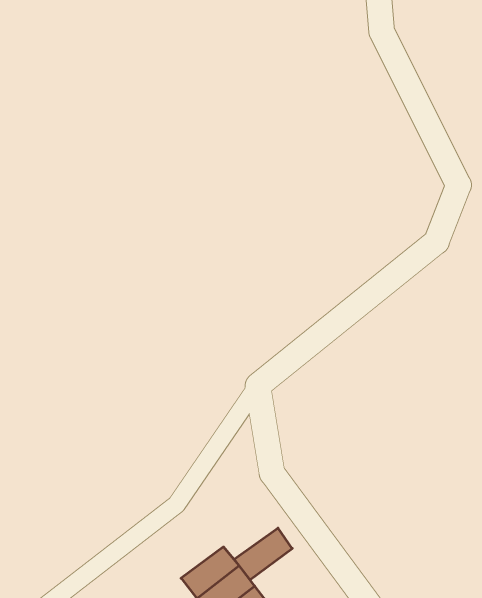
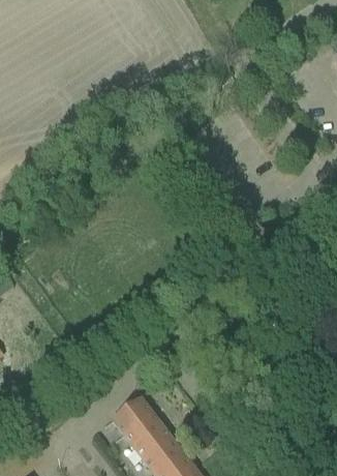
building: [234,528,292,580] -> [113,392,151,426]

